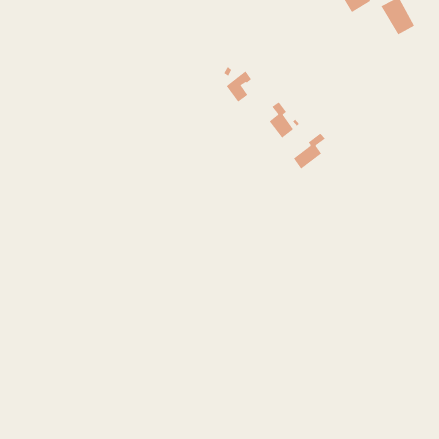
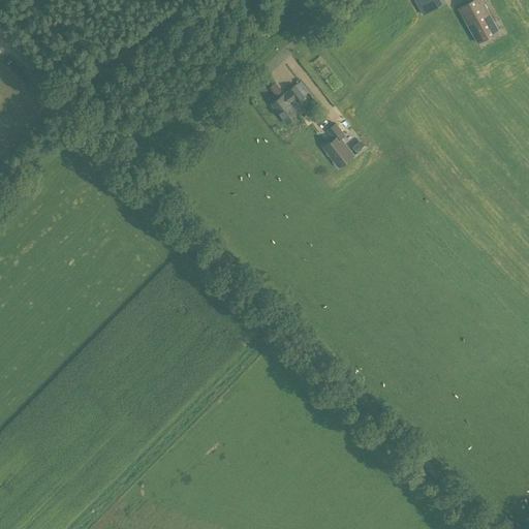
building: [293,133,326,169] -> none

